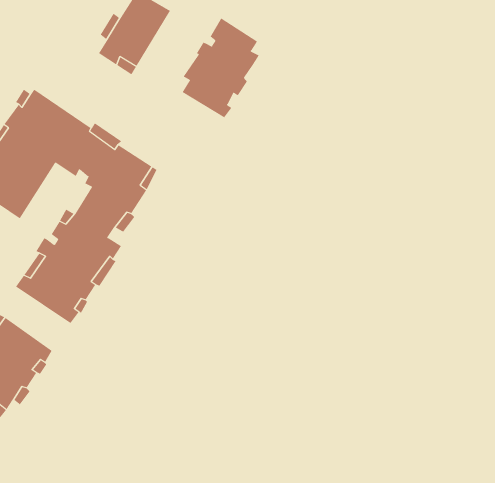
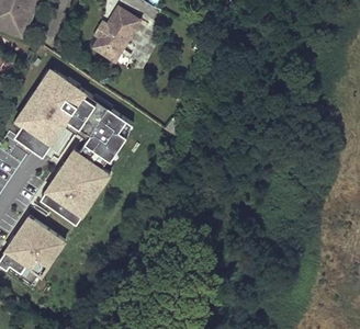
building: [182,18,260,118] -> none

